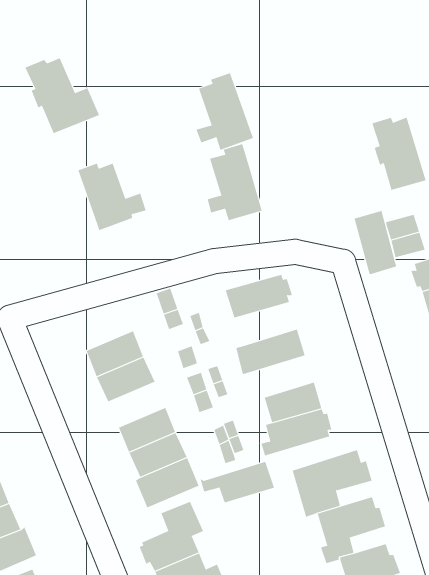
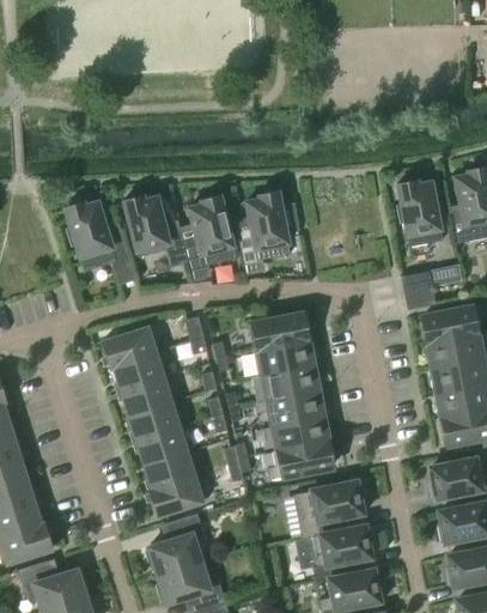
building: [25,58,100,134] -> [63,201,128,271]
building: [196,72,254,150] -> [183,195,236,266]
building: [354,210,397,275] -> none
building: none -> [254,340,311,376]
building: none -> [102,326,160,368]
building: none -> [130,401,183,439]
building: [200,461,275,503] -> [254,390,322,425]

